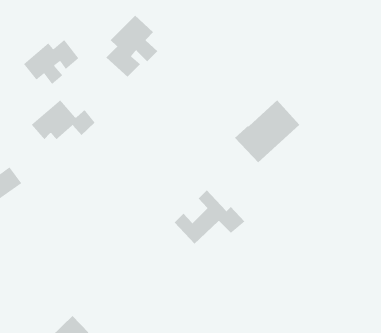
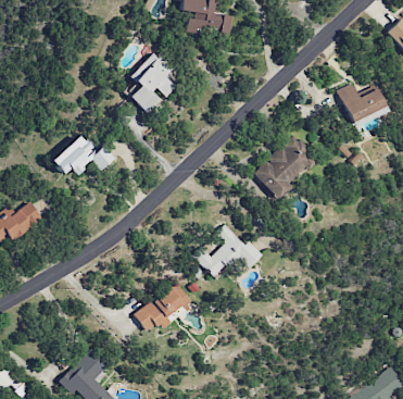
building: [23,39,79,85] -> none
building: none -> [338,83,389,127]
building: none -> [135,285,188,332]

